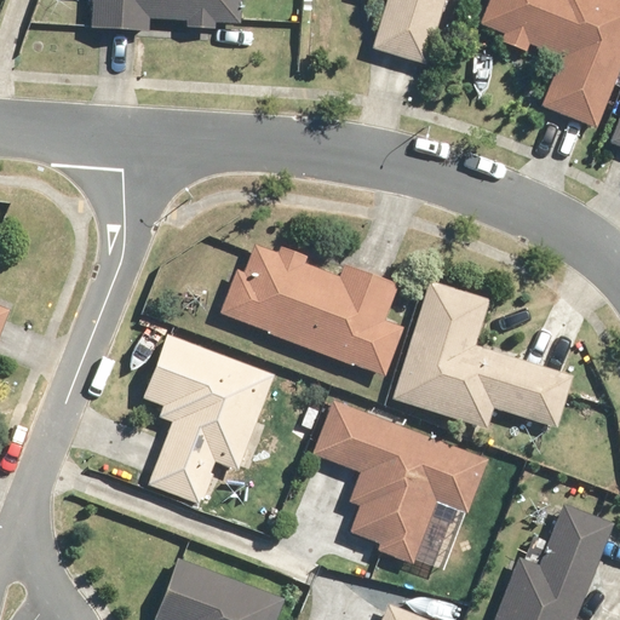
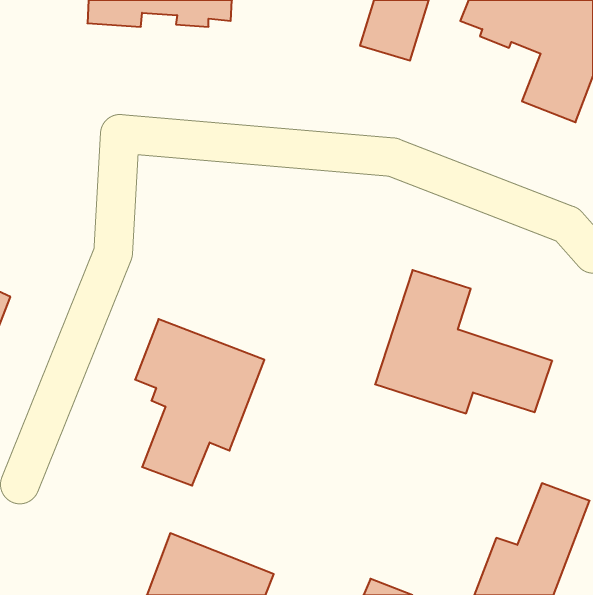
building: [219,243,402,375] -> none
building: [312,398,492,563] -> none

